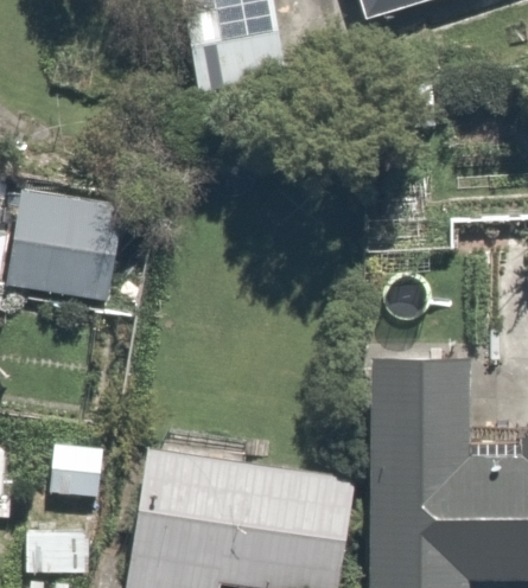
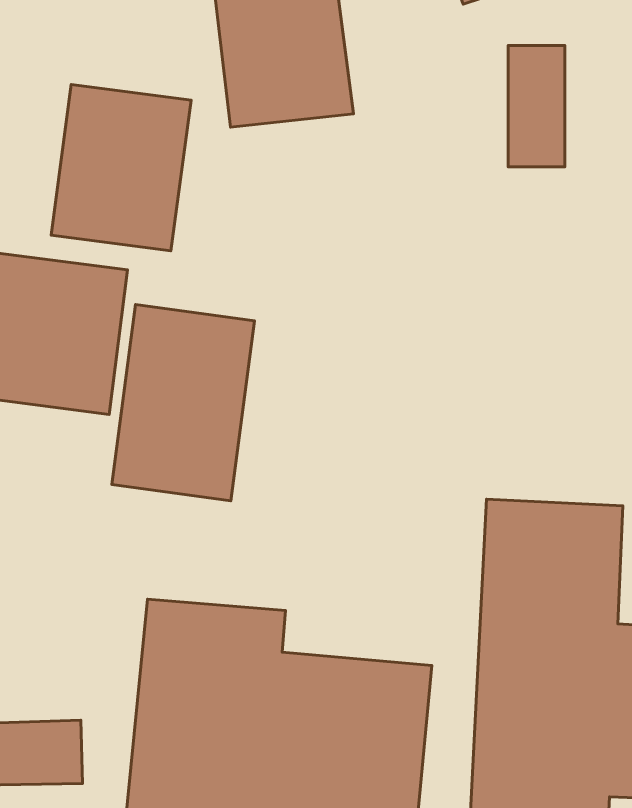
building: none -> [51,85,191,251]
building: none -> [112,305,254,501]

